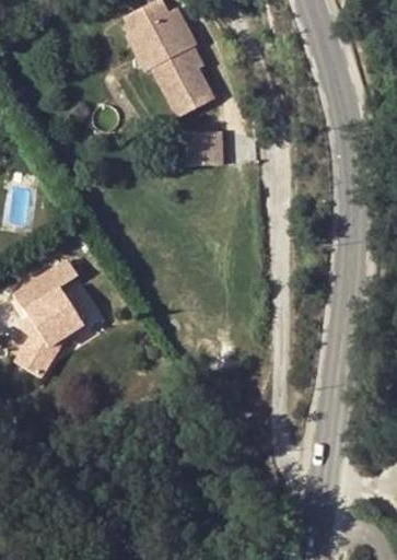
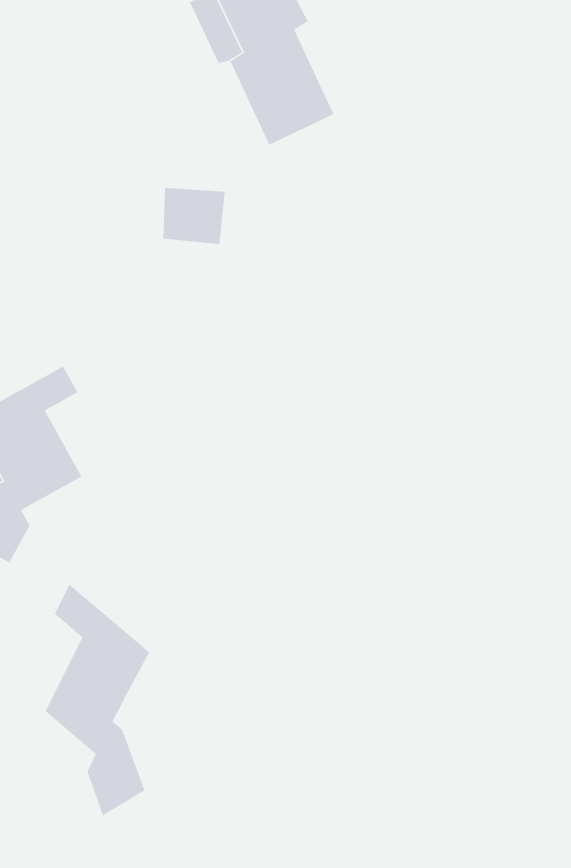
building: [188,137,224,168] -> [162,187,225,245]
building: none -> [45,584,150,817]

